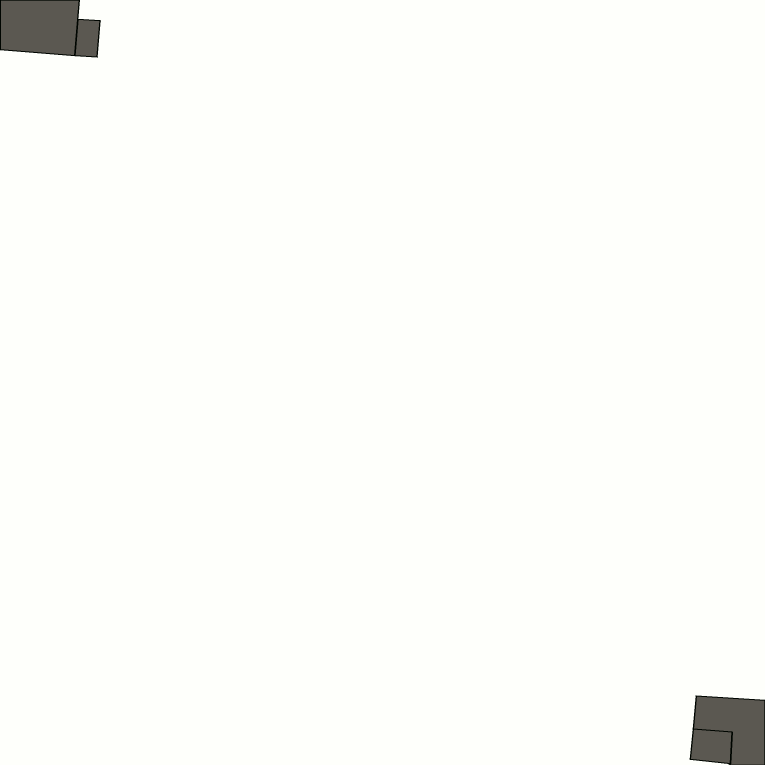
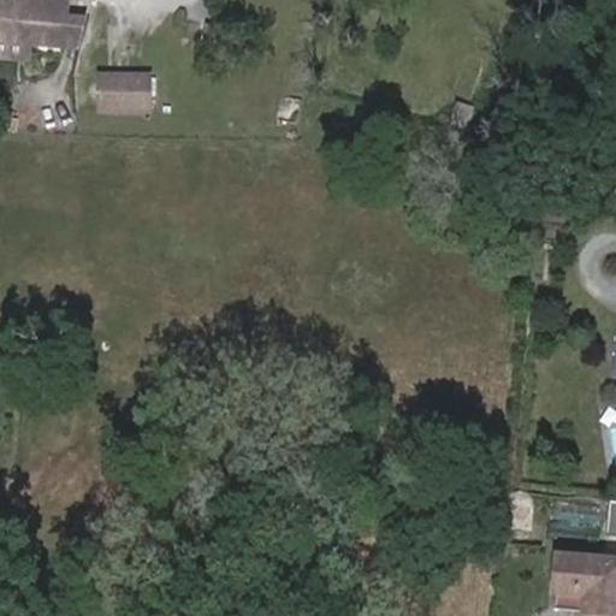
building: none -> [101,71,150,108]

